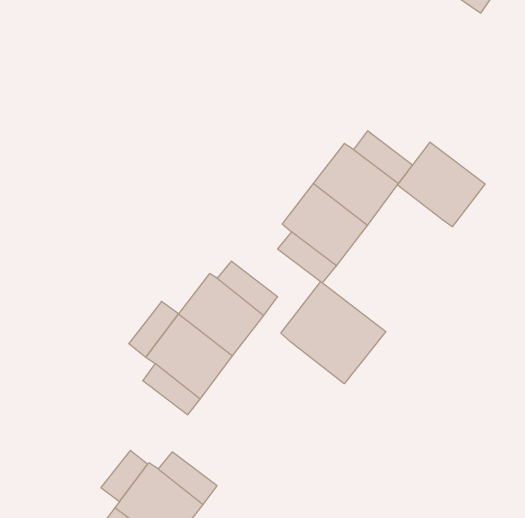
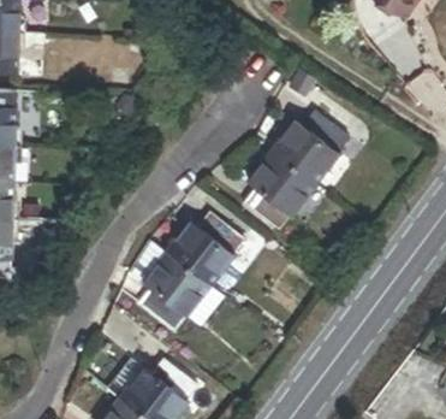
building: [397,142,485,227] -> none
building: [281,282,386,384] -> none

